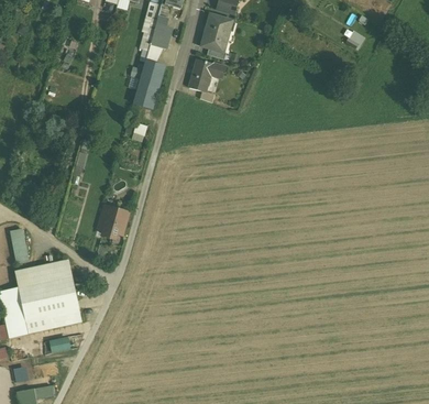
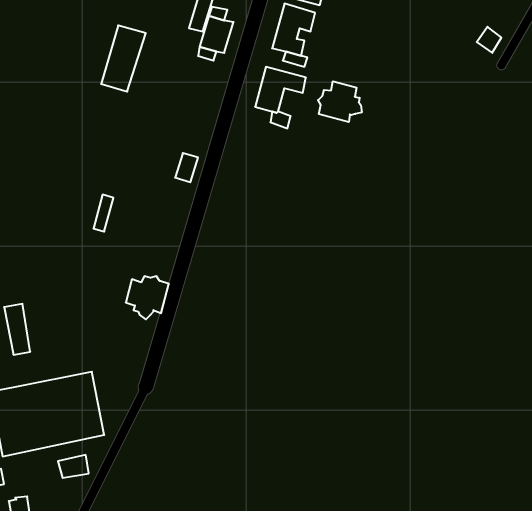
building: [133,61,165,108] -> [101,25,146,92]
building: none -> [318,81,362,122]
building: [14,259,73,287] -> none

